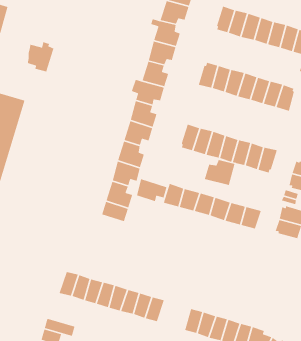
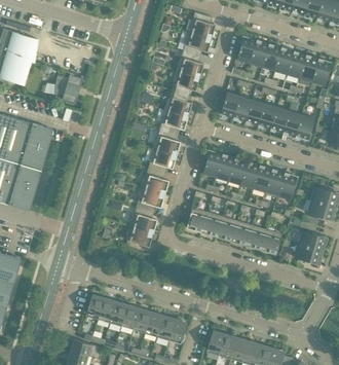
building: [204,159,236,186] -> none
building: [136,178,167,202] -> none

